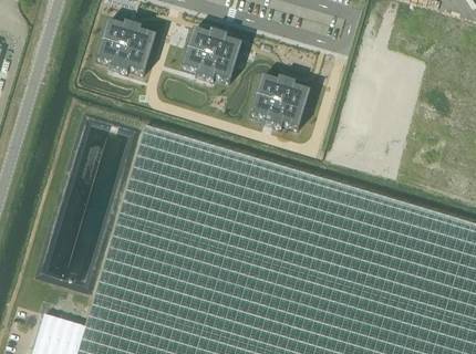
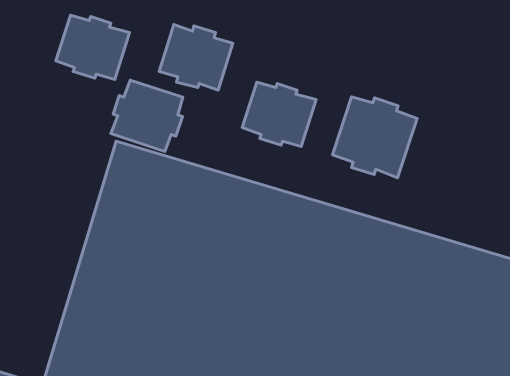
building: none -> [111,80,183,152]
building: none -> [333,97,417,178]

